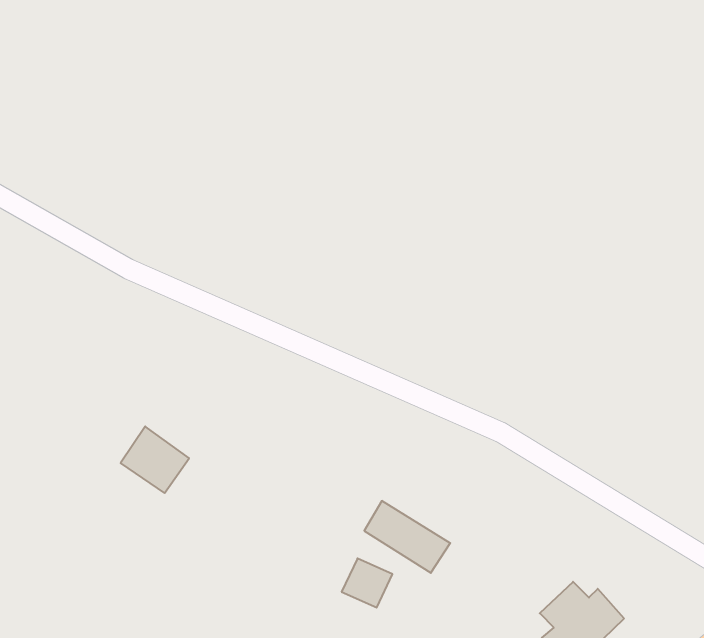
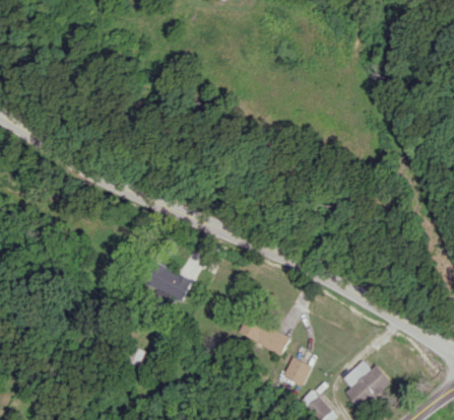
building: [121,426,189,493] -> [152,265,192,303]
building: [342,558,392,608] -> [279,358,309,387]

